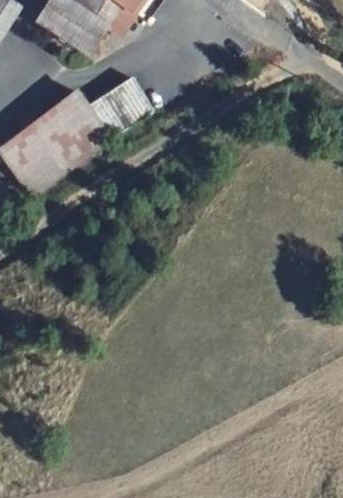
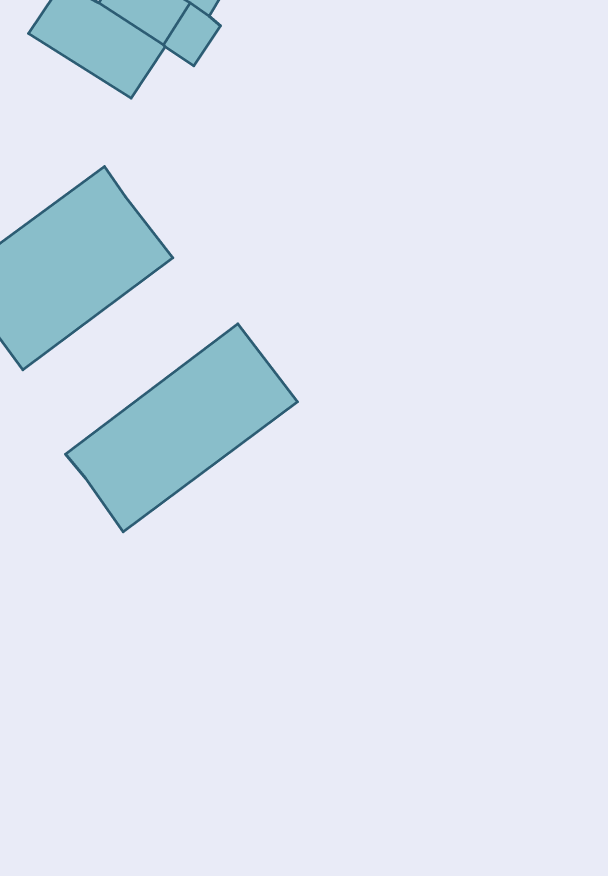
building: [87,76,154,137] -> none
building: none -> [65,324,297,532]

